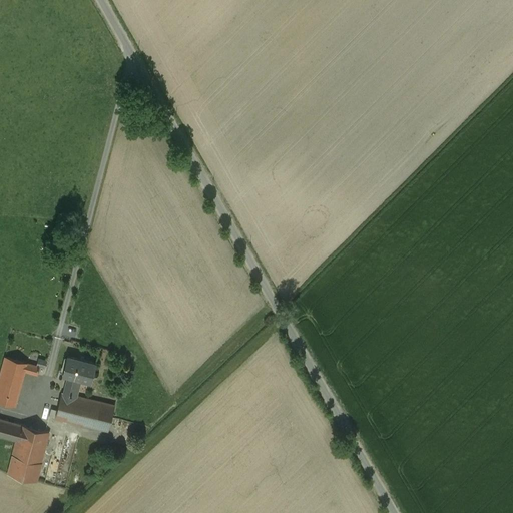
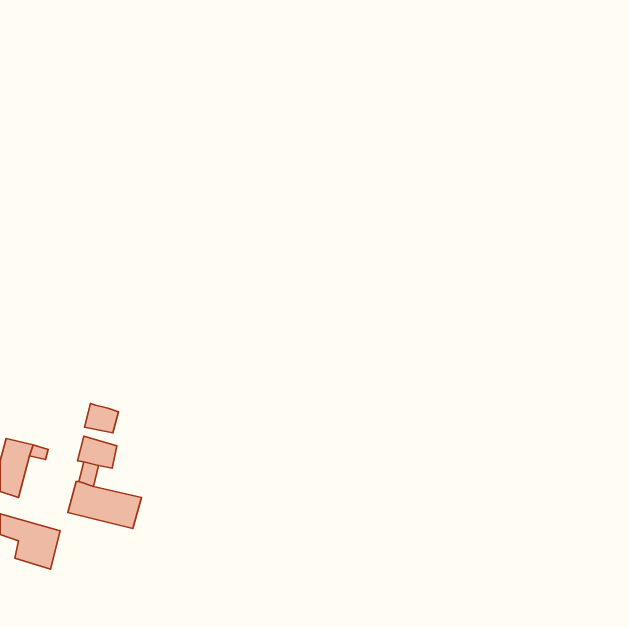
building: none -> [85,404,118,433]
building: [7,456,41,483] -> none

